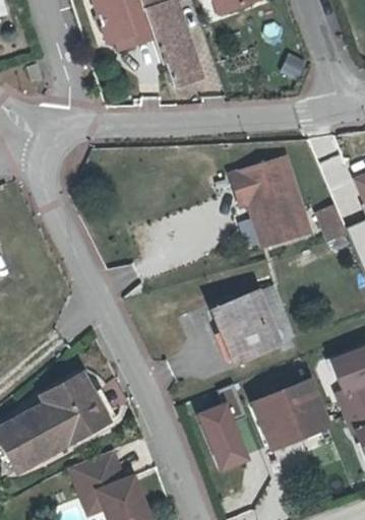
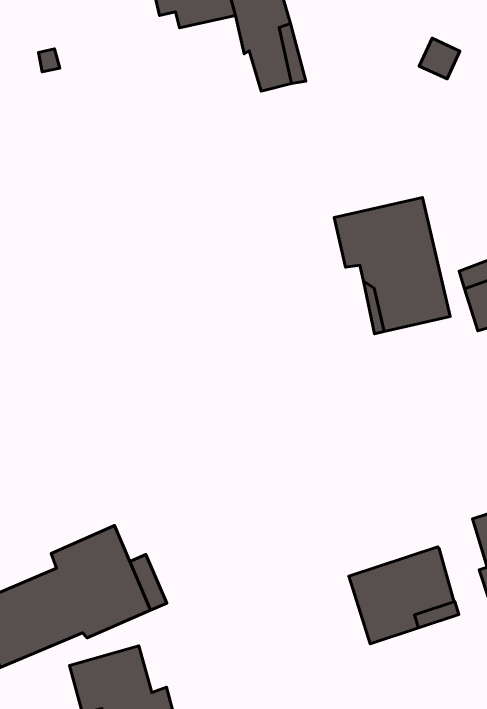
building: [211,283,290,356] -> none
building: [195,399,241,463] -> none

